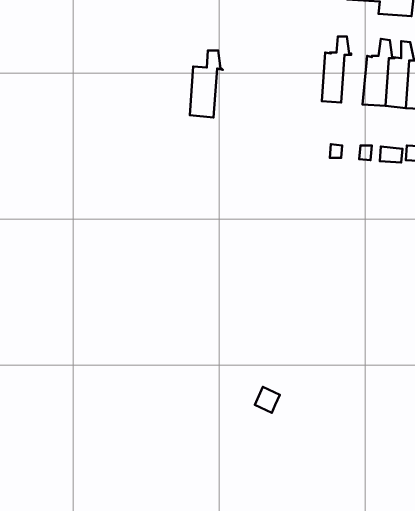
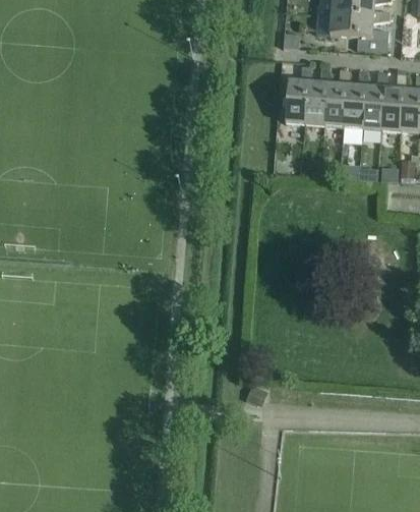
building: none -> [323,69,351,129]
building: [190,51,223,117] -> [285,66,314,126]

